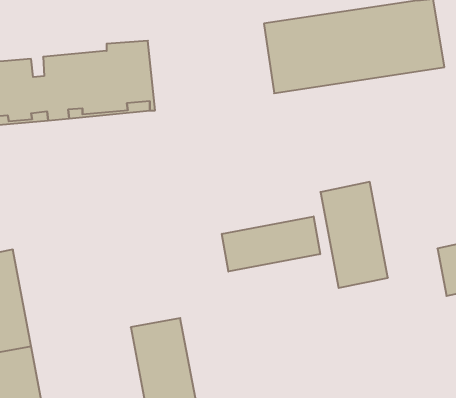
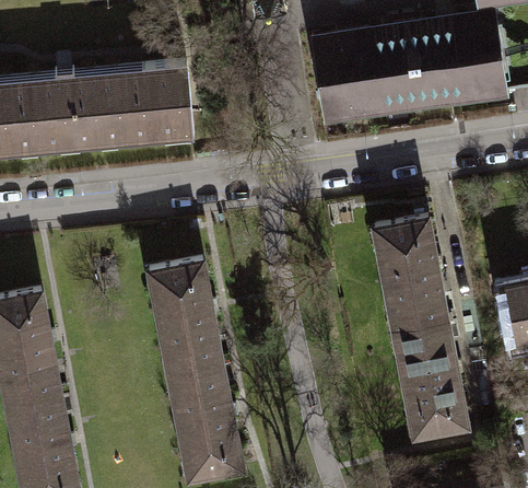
building: [222,216,320,272] -> none
building: none -> [149,260,222,374]
building: none -> [394,321,467,435]

